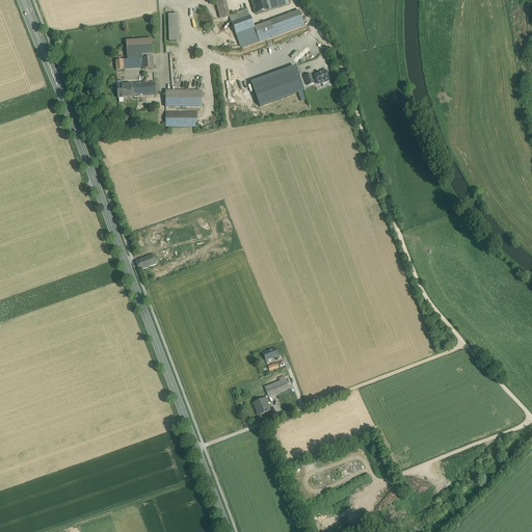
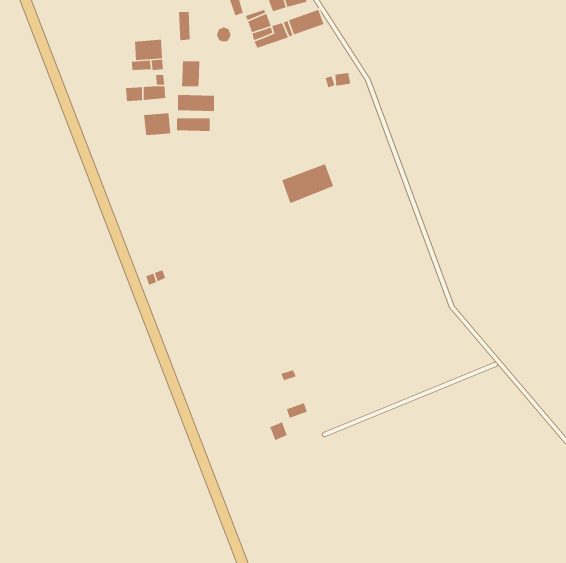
building: none -> [181,60,200,87]
building: [252,69,302,107] -> [281,163,334,204]
building: none -> [143,113,171,136]

